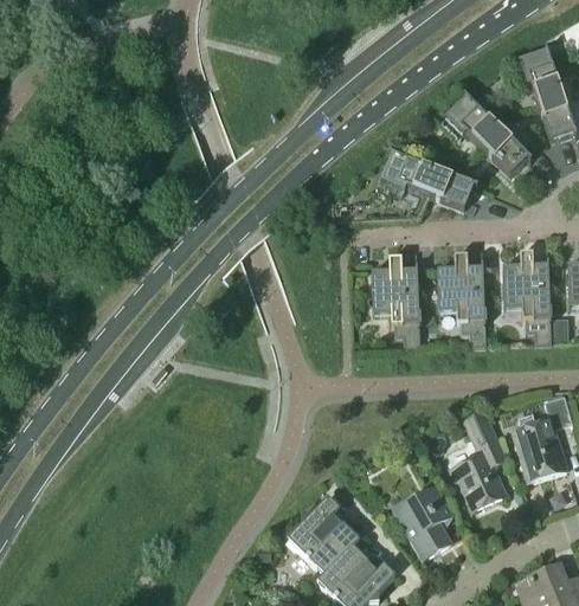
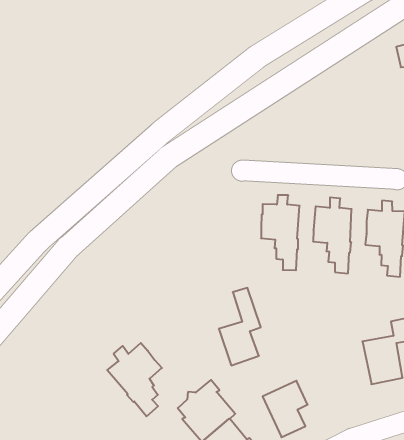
building: [445,95,528,175] -> none
building: [381,152,474,208] -> none
building: [453,412,507,510] -> [219,288,261,365]
building: none -> [107,343,162,416]

